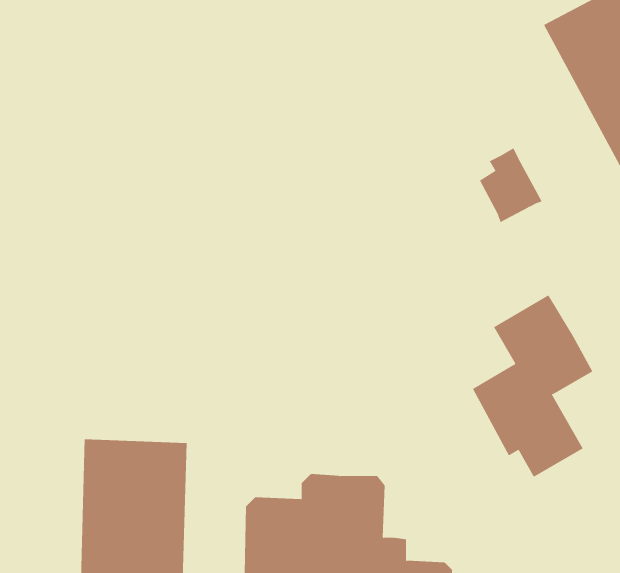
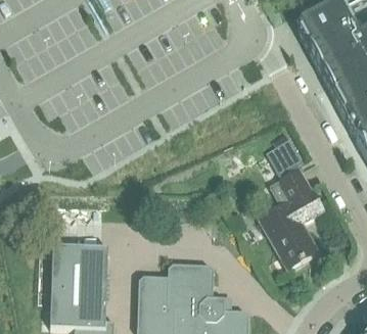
building: [479,148,543,223] -> [269,134,303,174]

